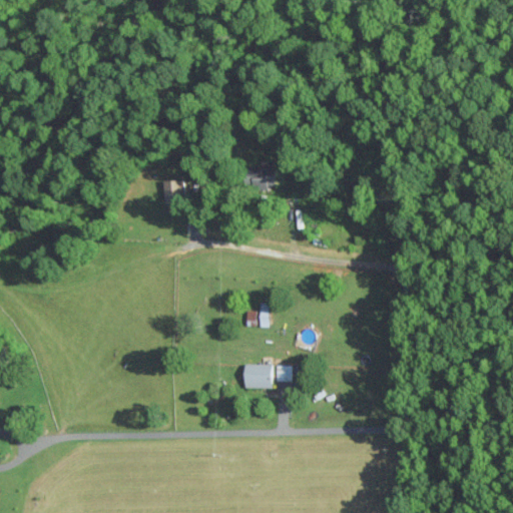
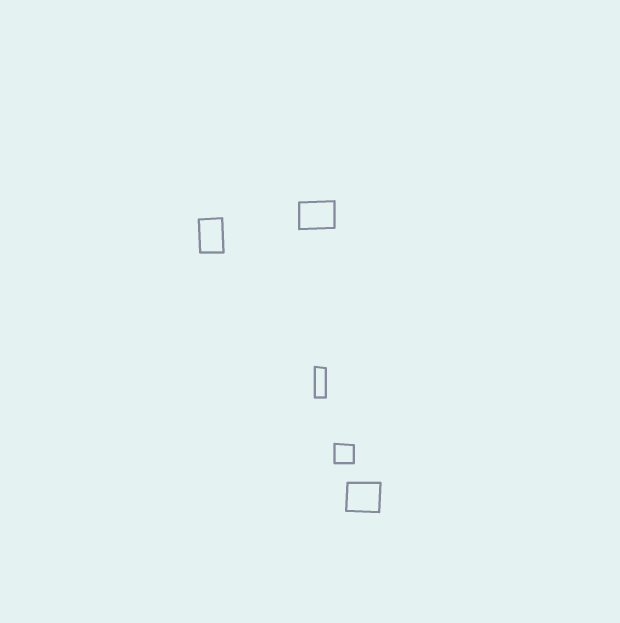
building: [243,364,272,388] -> [346,483,380,512]

